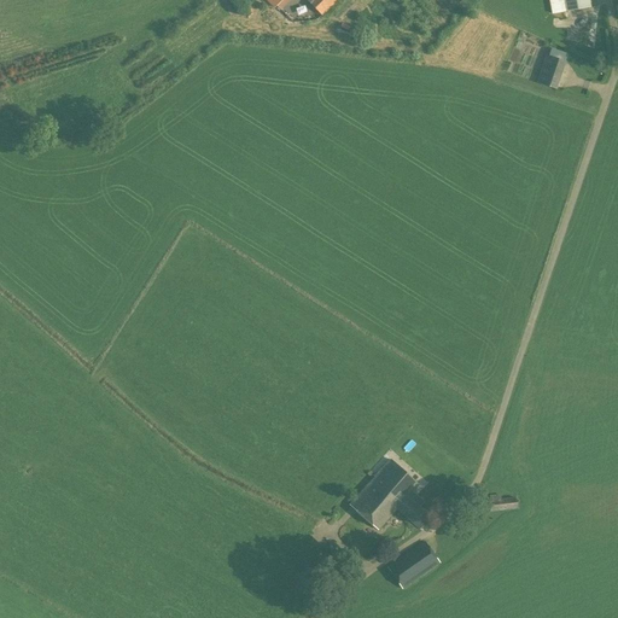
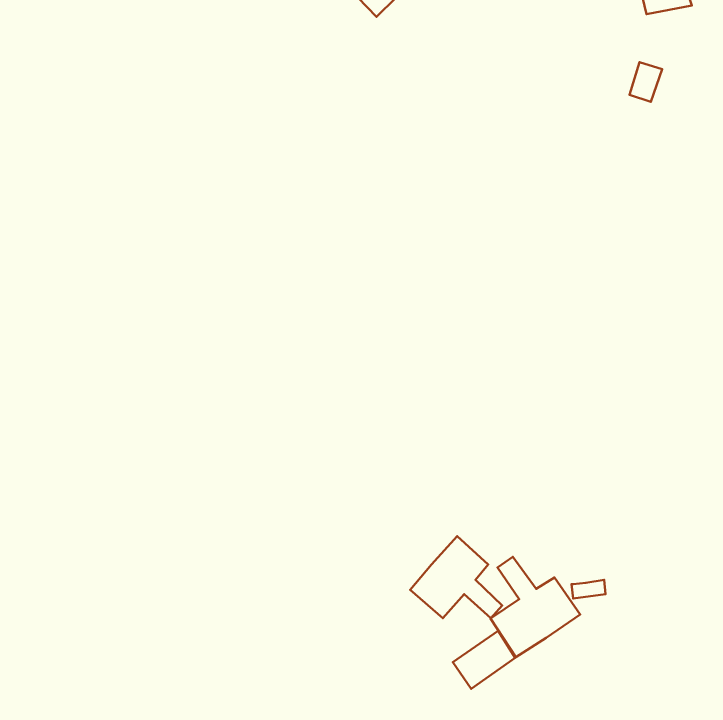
building: none -> [490,557,580,657]

